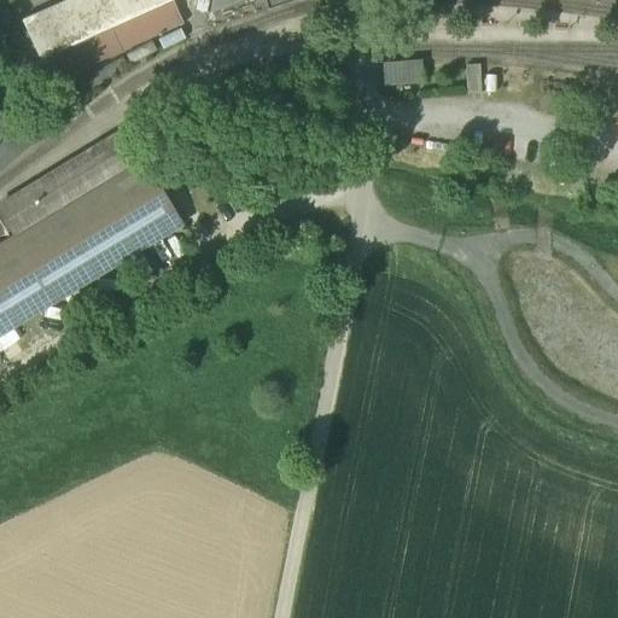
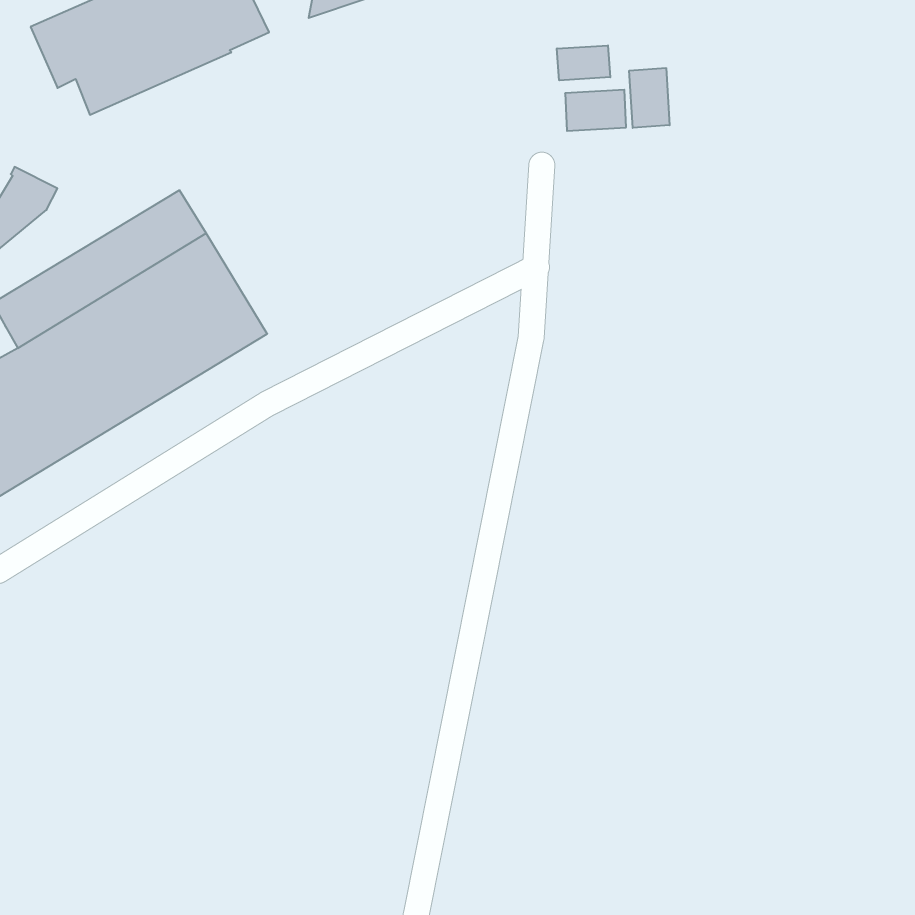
building: none -> [557,45,610,80]
building: none -> [629,68,670,128]

